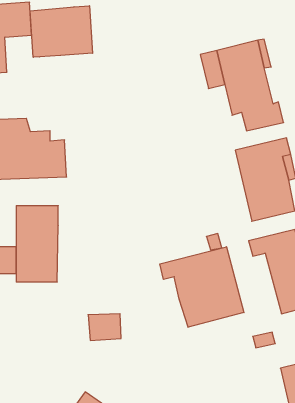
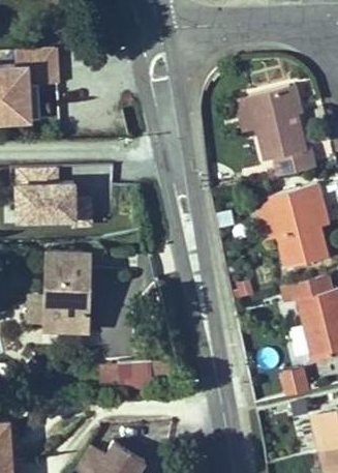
building: [30,6,93,57] -> none
building: [160,247,244,327] -> none

